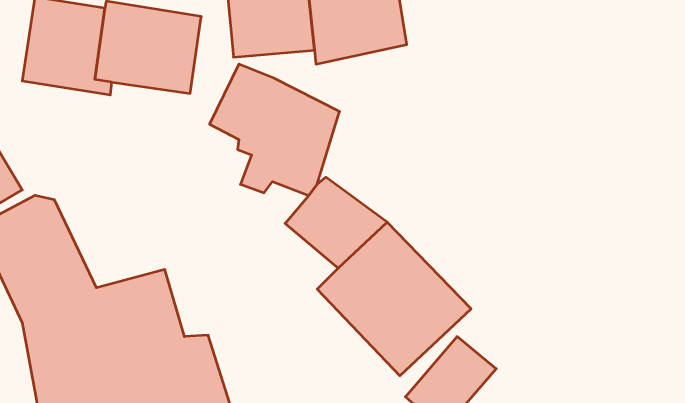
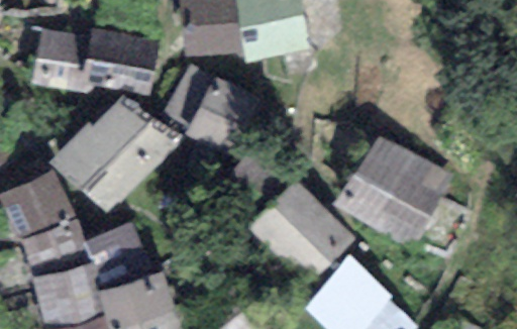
building: none -> [49,91,180,210]
building: none -> [334,136,454,249]

